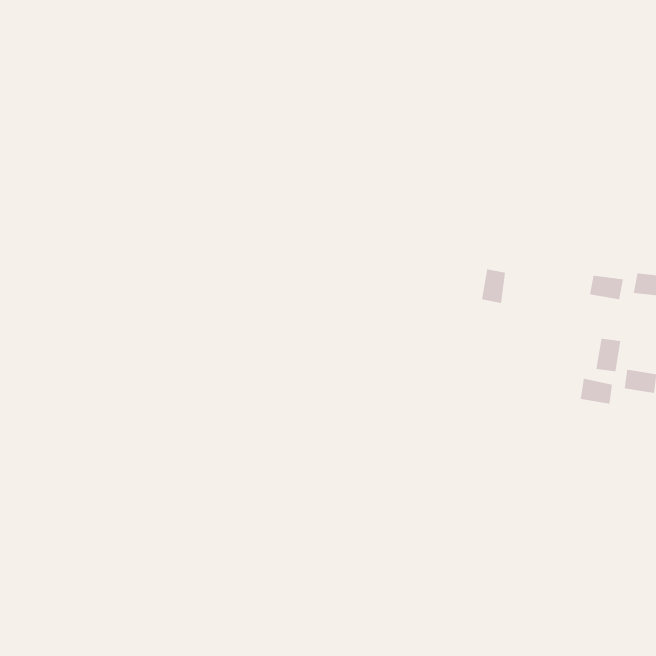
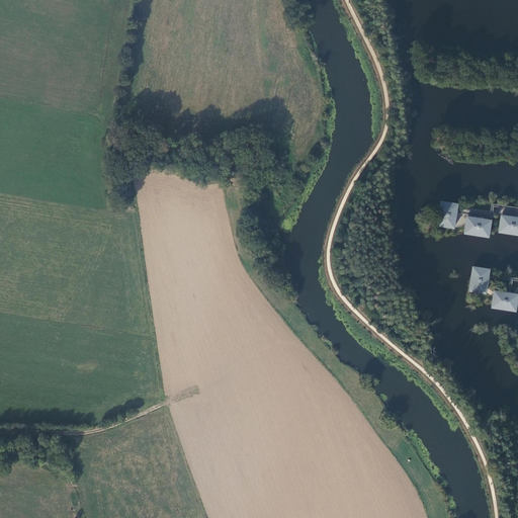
building: [481,269,506,303] -> [438,200,457,228]
building: [580,378,613,404] -> none

